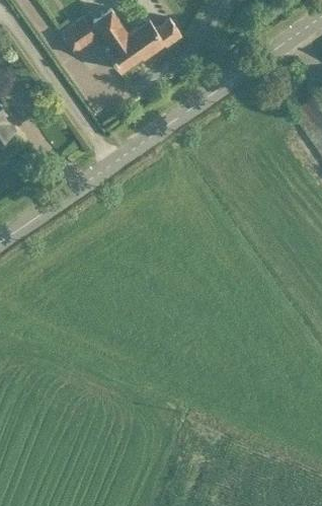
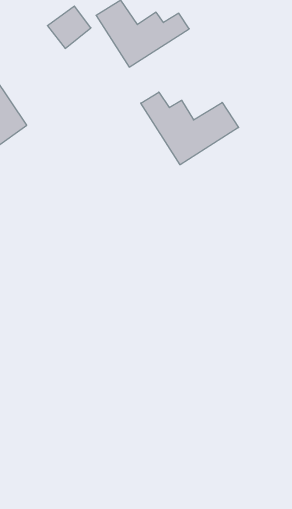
building: none -> [141,92,239,165]

